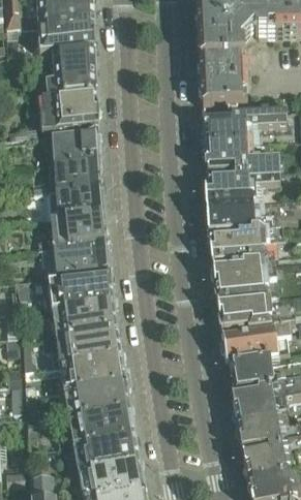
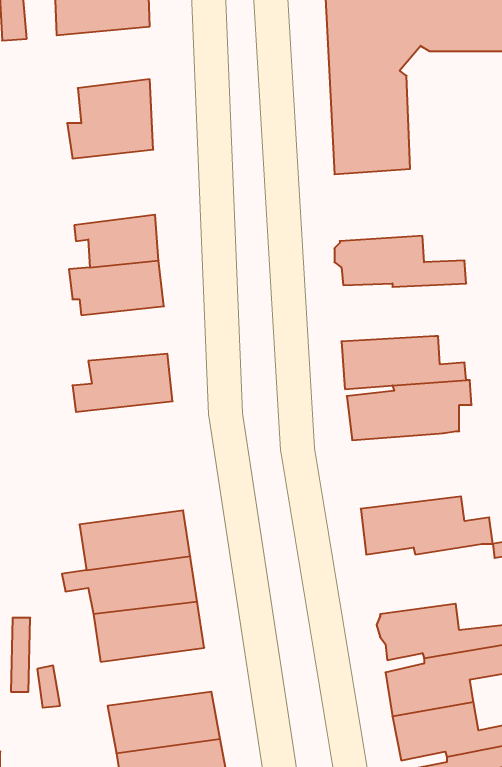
building: [38,19,94,53] -> none
building: [37,91,97,128] -> none
building: [201,111,287,145] -> none
building: [204,169,280,204] -> none
building: [47,183,103,216] -> none
building: [50,239,109,275] -> none
building: [212,256,276,302] -> none
building: [48,274,113,311] -> none
building: [221,322,291,365] -> none
building: [64,383,129,417] -> none

